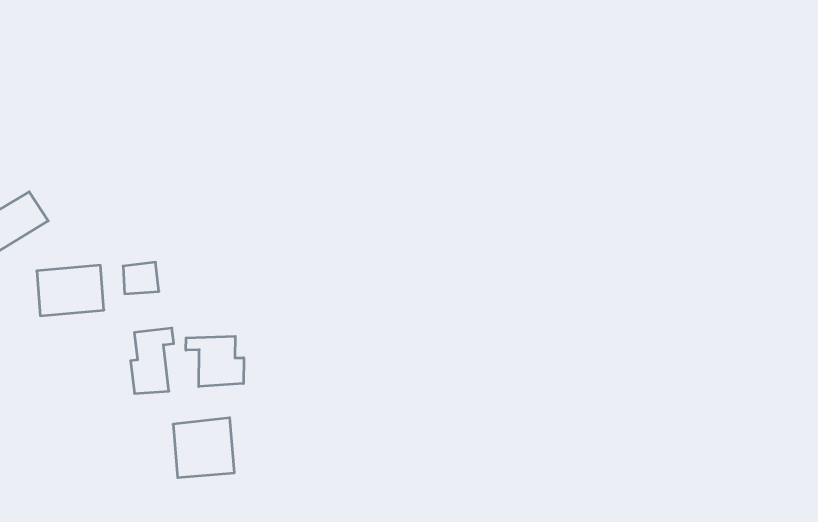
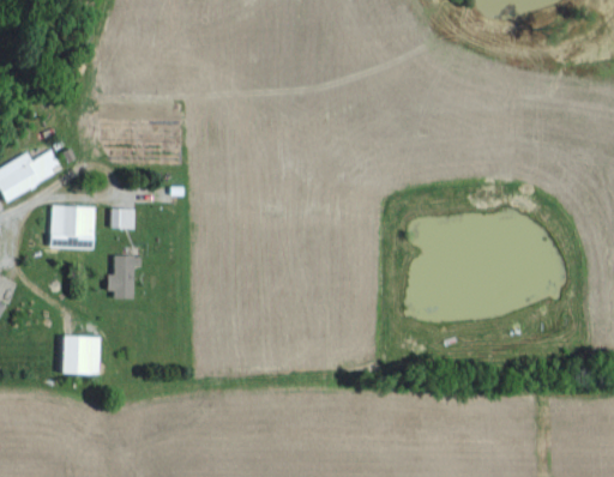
building: [186,336,244,387] -> none
building: [173,418,234,478] -> [59,337,100,375]

